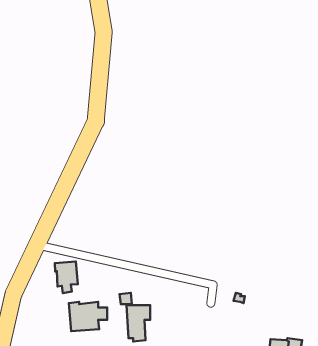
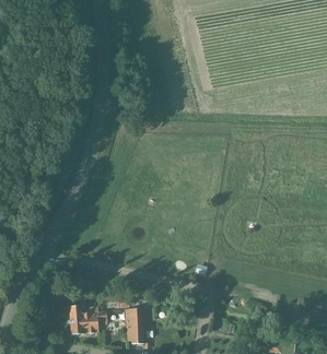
building: [55,261,78,293] -> none

